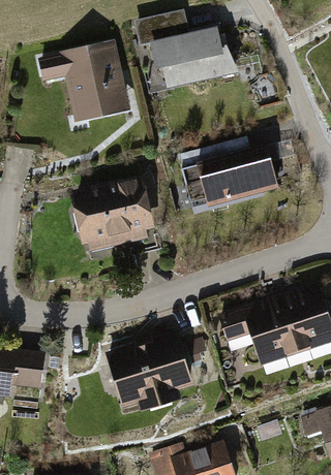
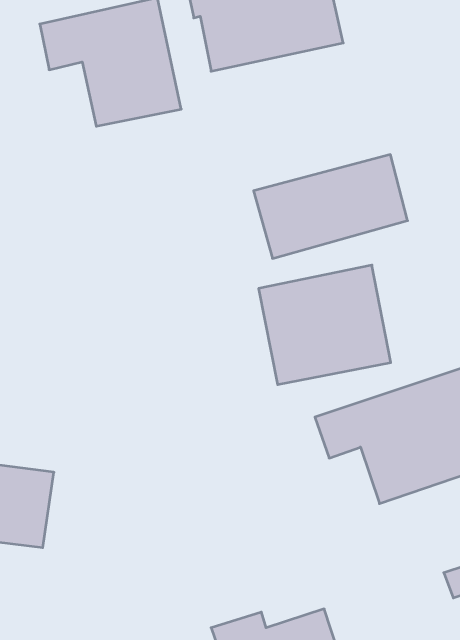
building: [67,175,154,253] -> [259,265,391,385]
building: [103,330,194,414] -> none

